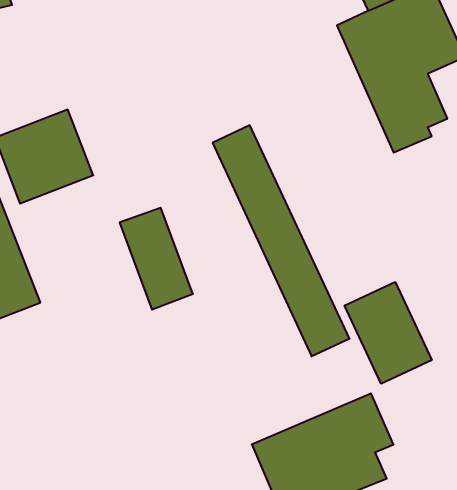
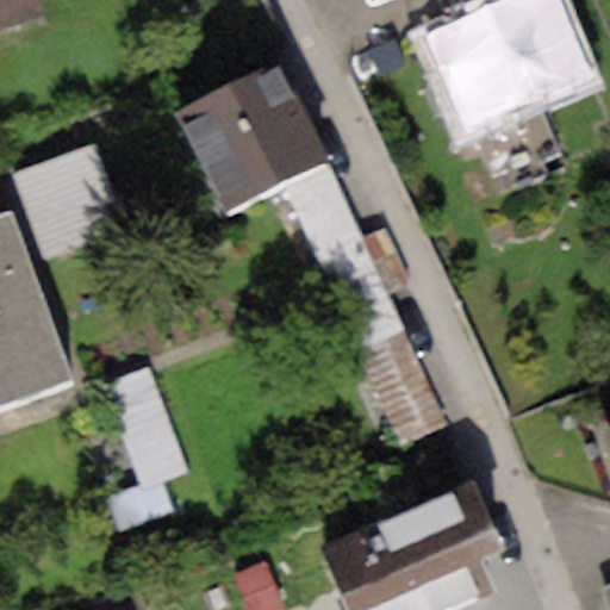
building: none -> [176,64,325,208]
building: [120,208,193,310] -> [99,366,188,490]
building: [345,282,432,384] -> none

